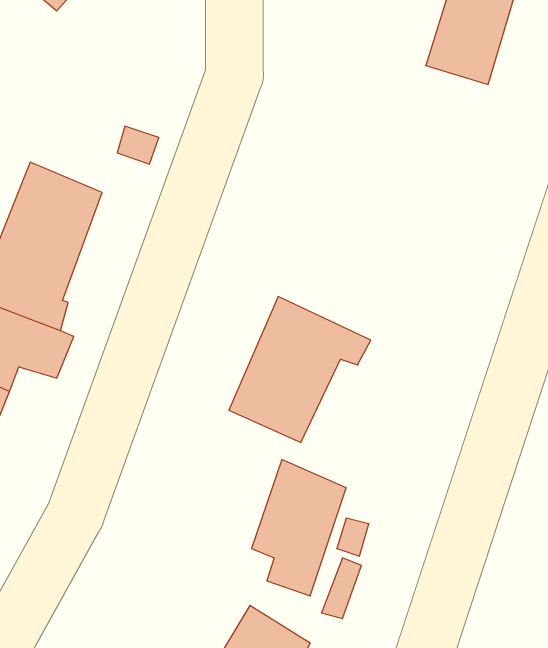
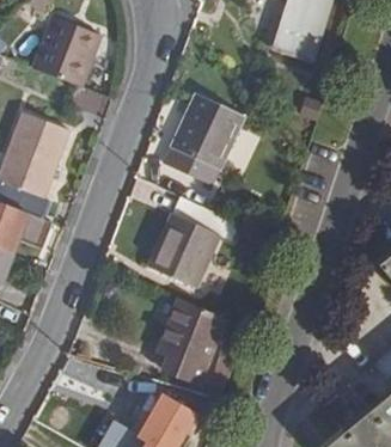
building: none -> [32,18,99,88]
building: none -> [163,96,242,185]

